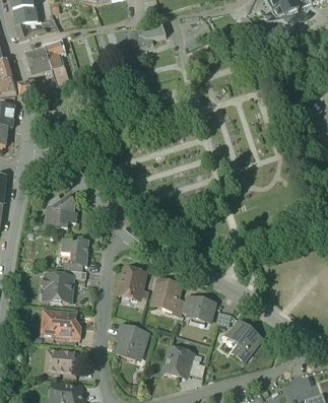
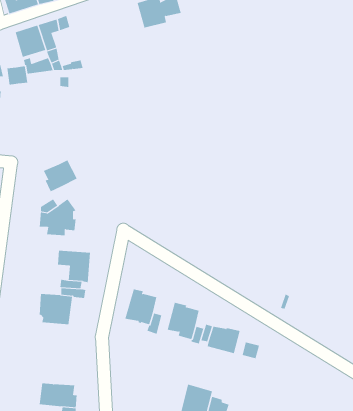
building: none -> [43,159,77,192]
building: [43,313,81,335] -> none
building: [227,326,262,366] -> none
building: [117,328,149,362] -> none

